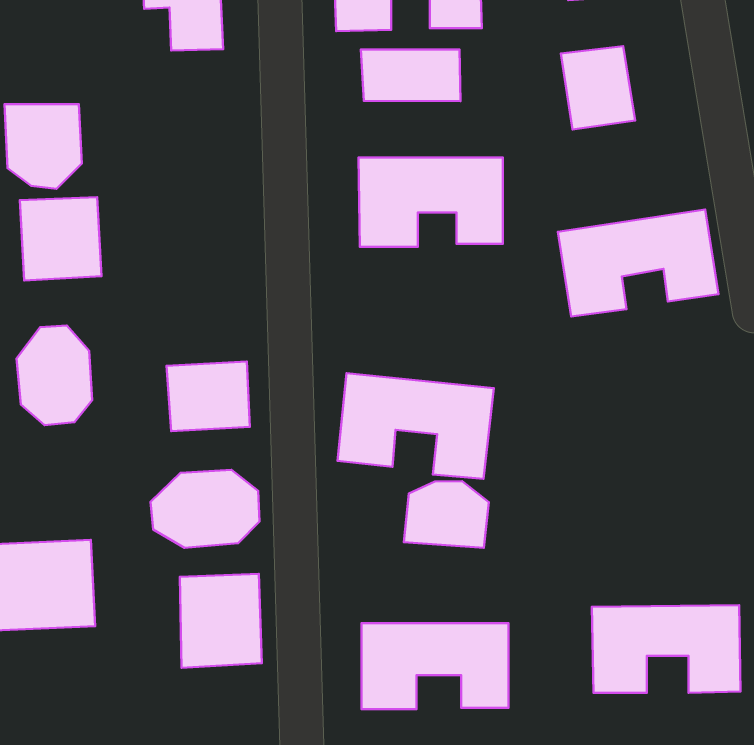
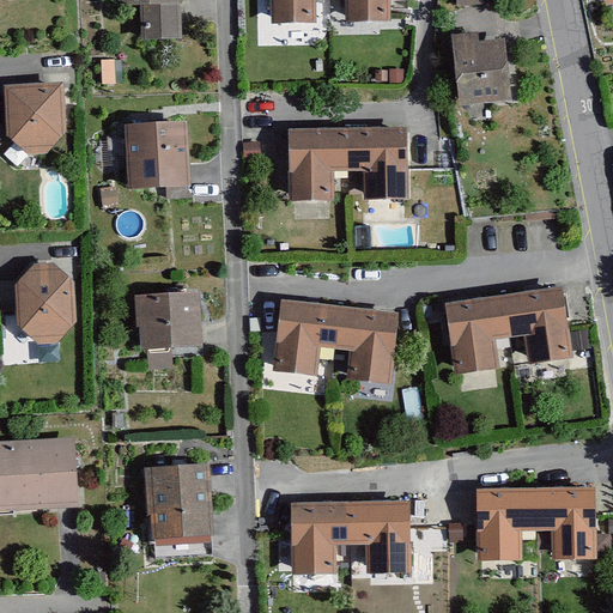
building: [361,49,461,101] -> none
building: [20,197,102,281] -> [123,123,189,190]
building: [558,209,719,316] -> [442,286,571,372]
building: [151,470,260,548] -> none
building: [404,481,489,548] -> none

